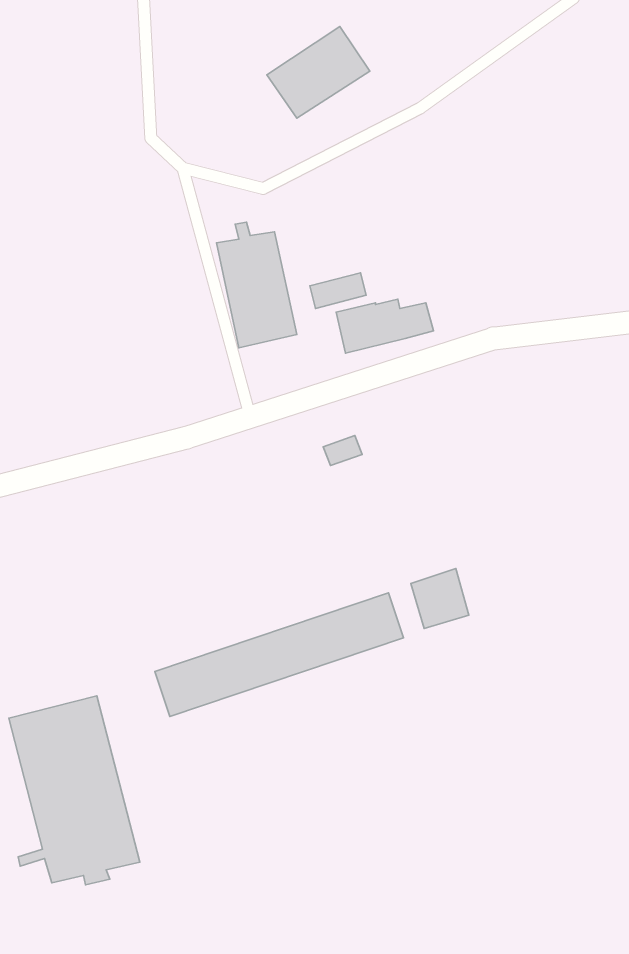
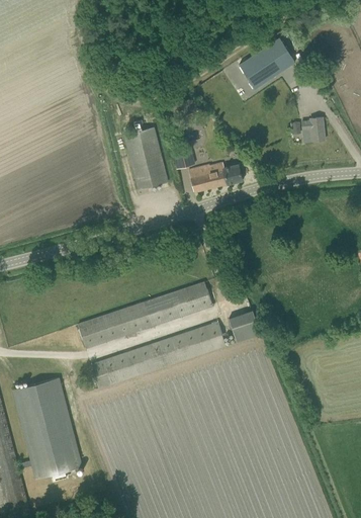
building: [267,26,370,118] -> [240,38,295,88]
building: none -> [301,116,325,143]
building: none -> [78,281,213,346]

